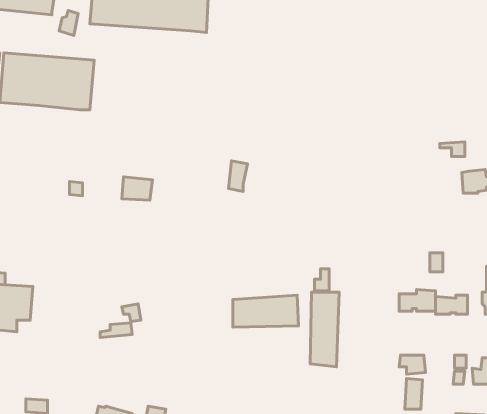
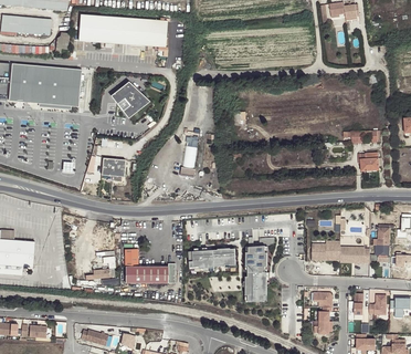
building: none -> [109,81,154,124]
building: none -> [124,248,175,282]

